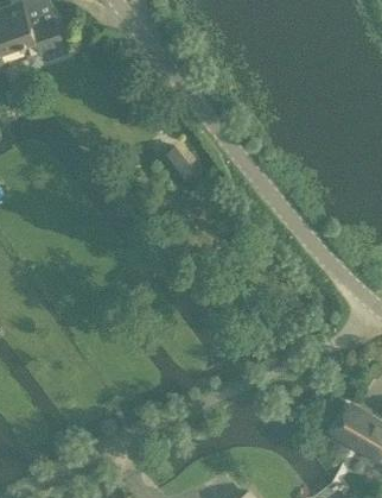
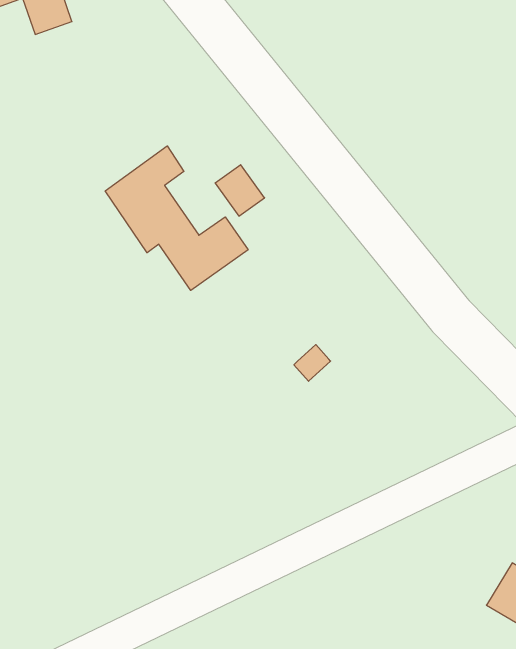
building: none -> [105,146,248,290]

